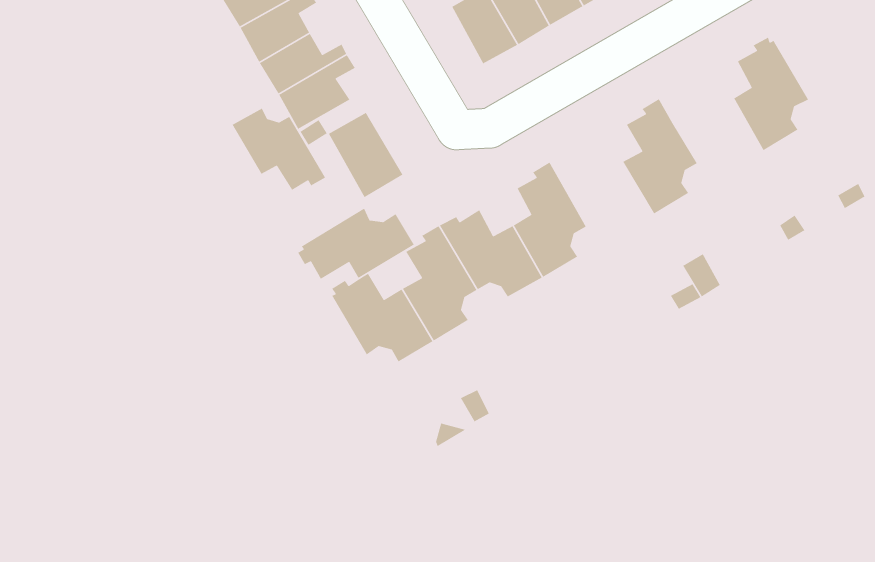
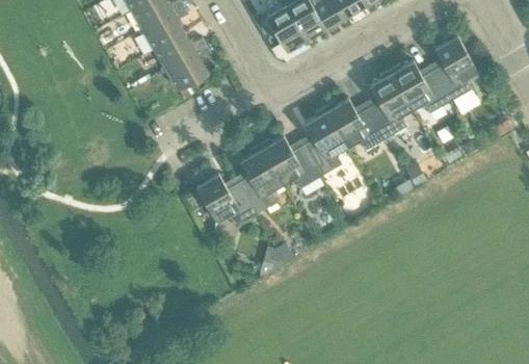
building: none -> [390,61,451,113]
building: [232,108,326,191] -> none
building: [328,112,404,198] -> none
building: none -> [325,99,387,151]
building: [297,208,415,280] -> none

